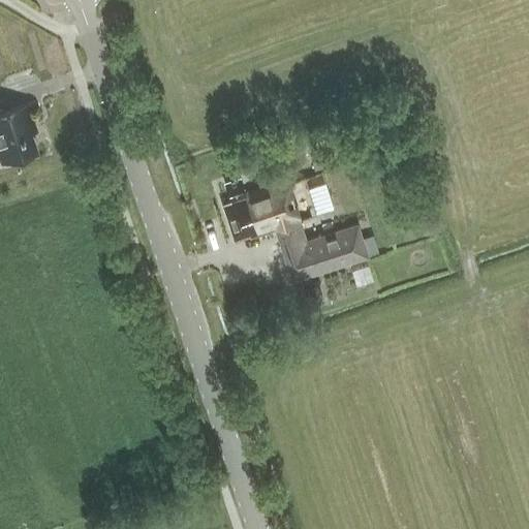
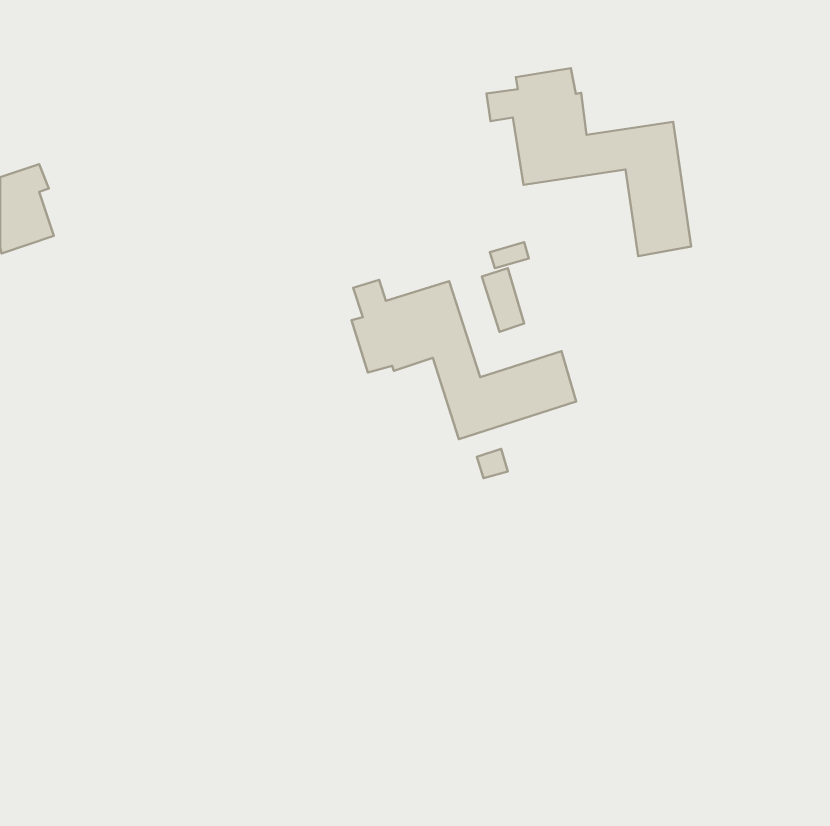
building: none -> [486,68,691,256]

